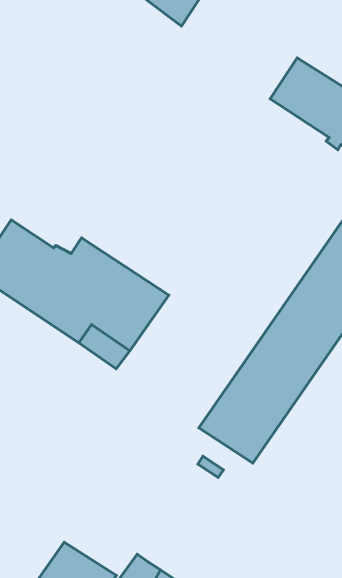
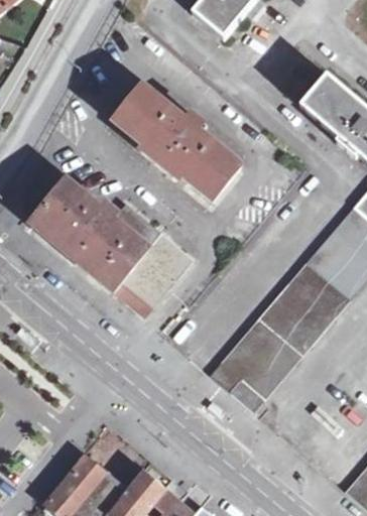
building: none -> [114,82,239,196]

